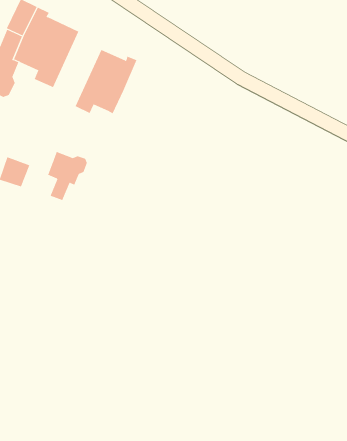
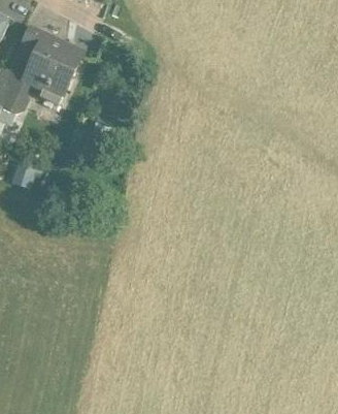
building: [75,49,137,114] -> none
building: [48,151,87,201] -> none

